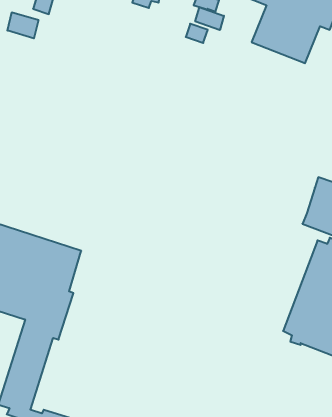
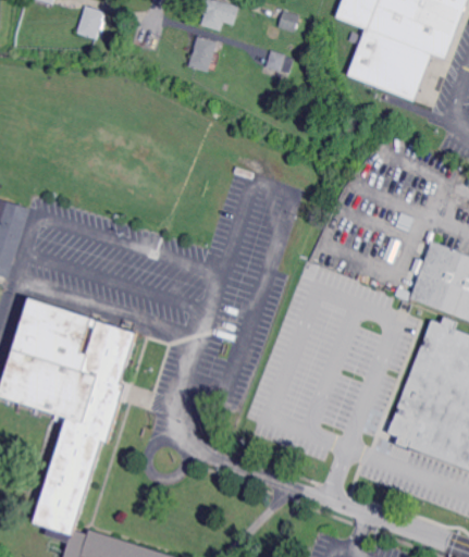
building: [195,7,224,30] -> none
building: [7,12,38,38] -> none
building: none -> [187,36,217,72]

